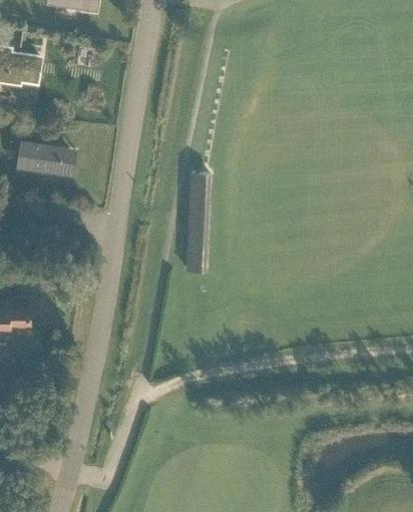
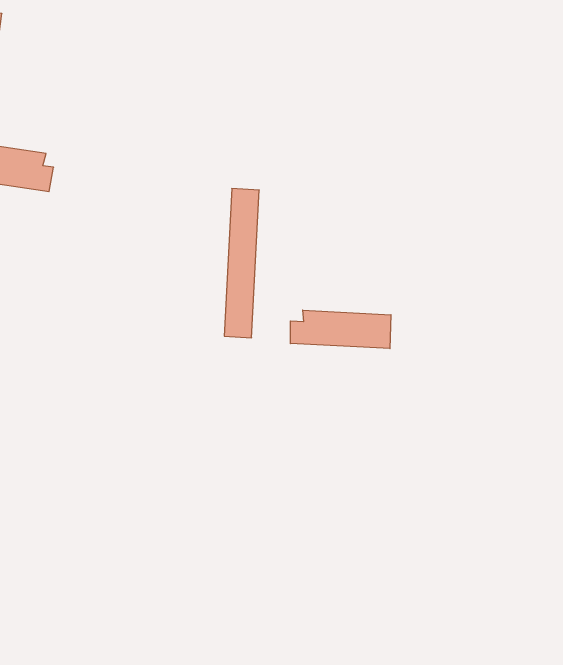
building: none -> [290,310,391,349]

